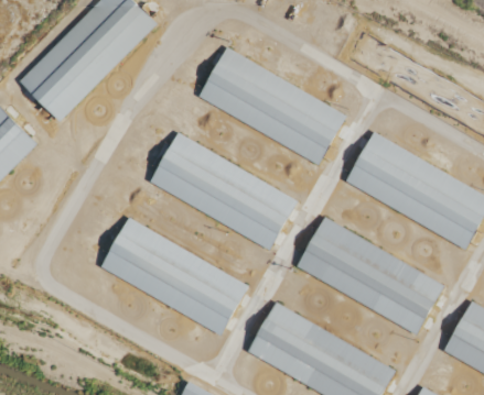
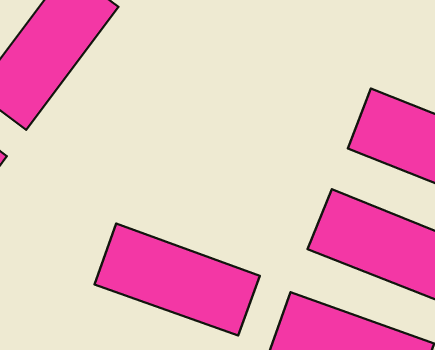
building: [197,45,346,165] -> none
building: [149,131,299,250] -> none

